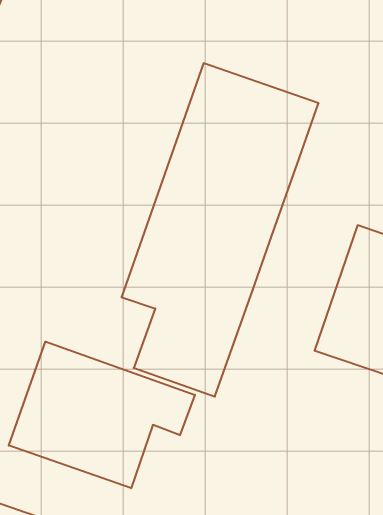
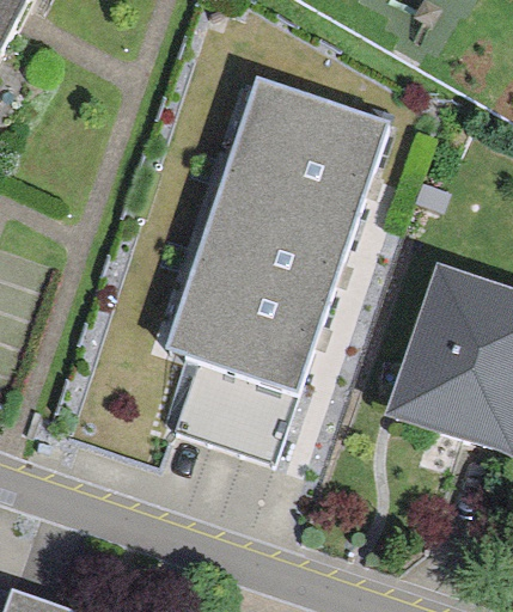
building: [9,342,195,488] -> none

